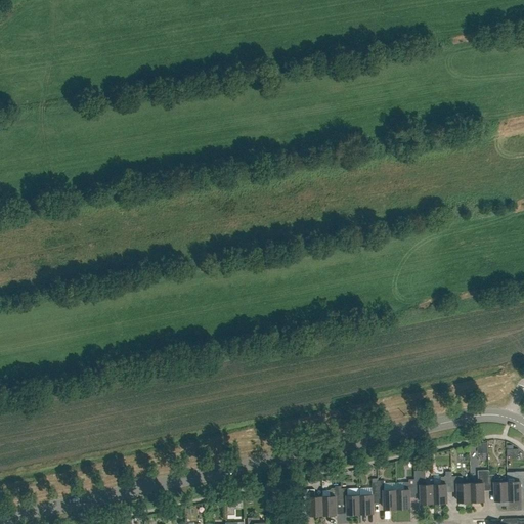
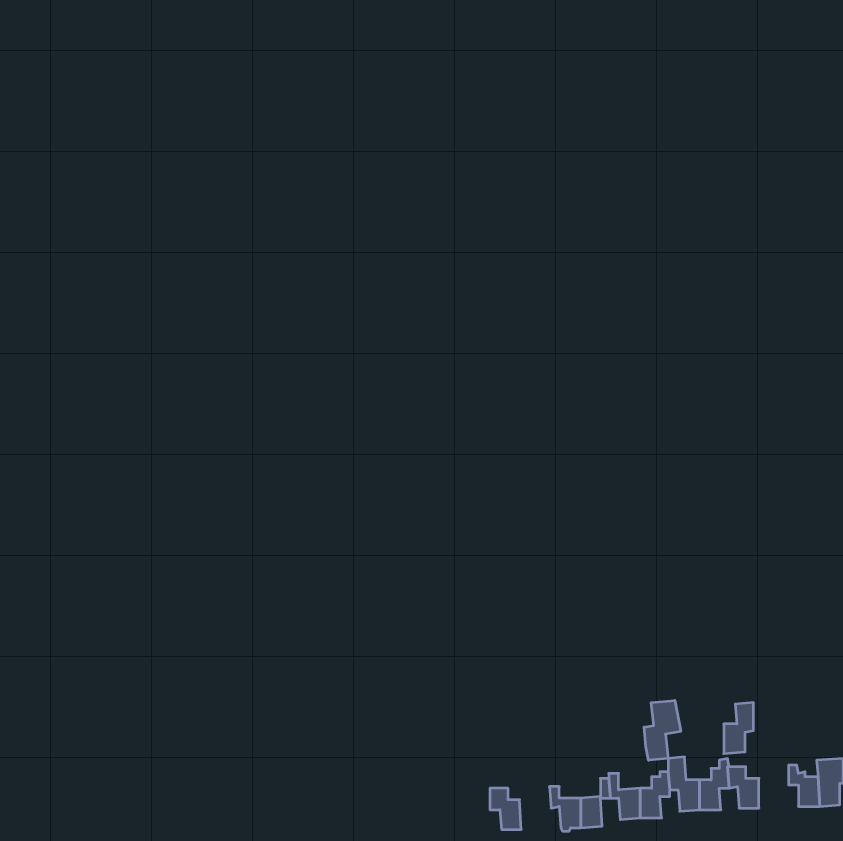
building: none -> [644,700,681,760]
building: [471,471,489,503] -> [724,703,753,754]
building: [322,487,342,518] -> none

